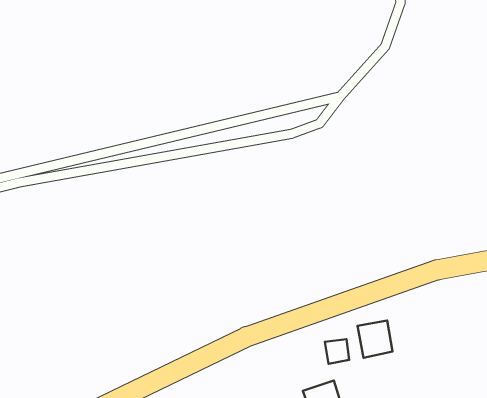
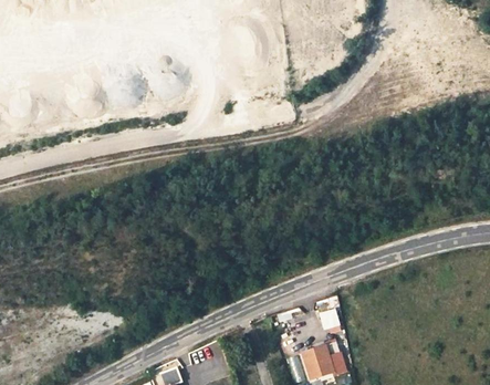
building: [357,321,393,358] -> none

